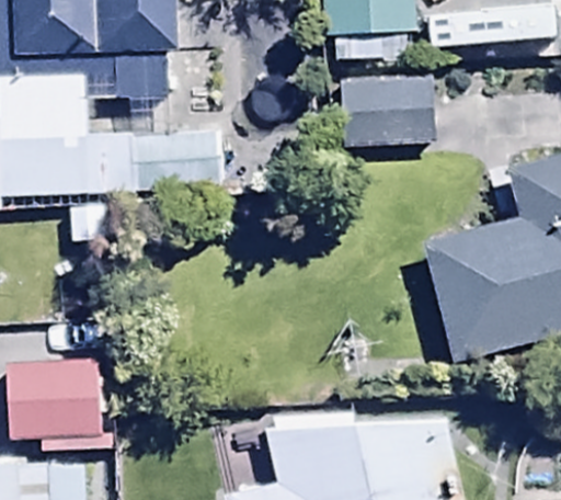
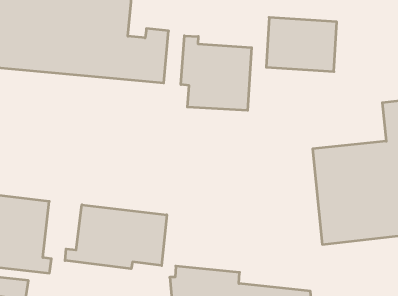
building: none -> [181,36,252,110]
building: none -> [65,205,167,269]

